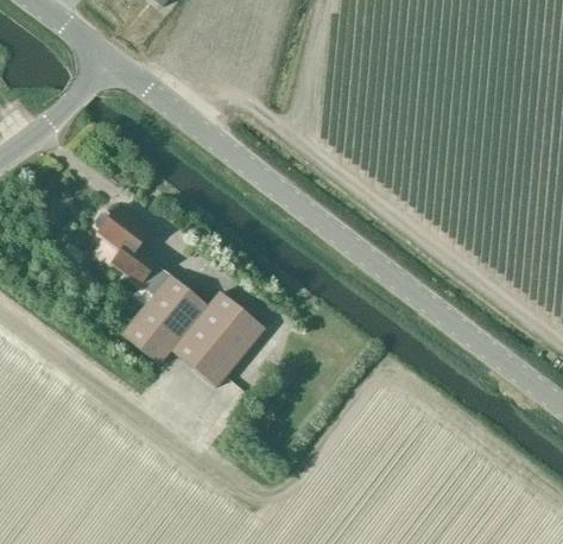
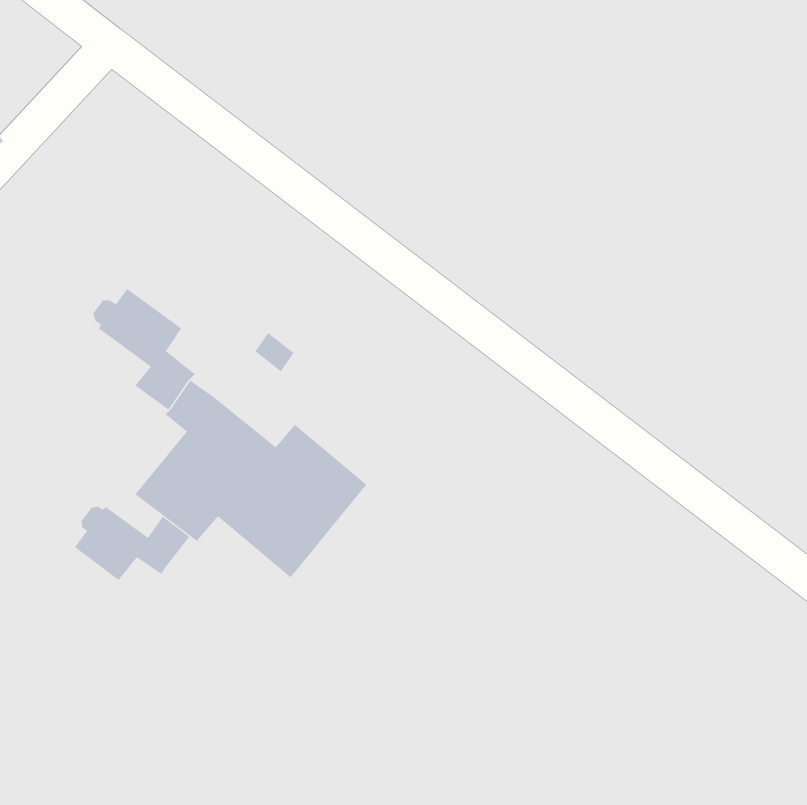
building: none -> [74,506,190,581]

